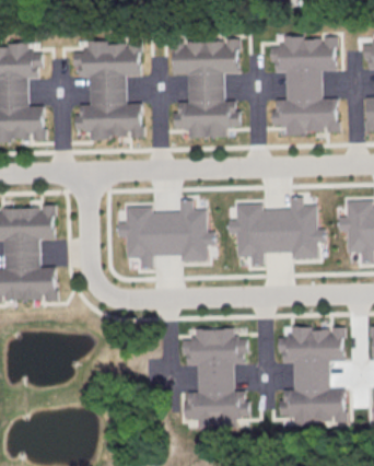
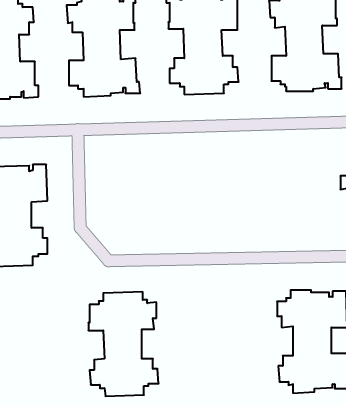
building: [230,197,326,265] -> none
building: [118,200,214,268] -> none
building: [182,328,249,429] -> [88,292,159,396]

